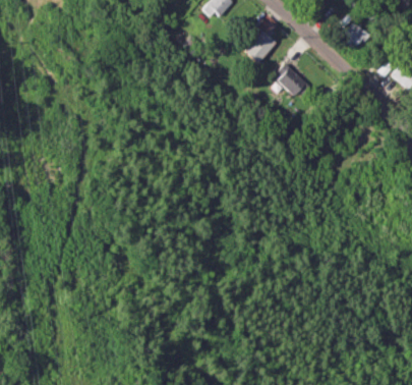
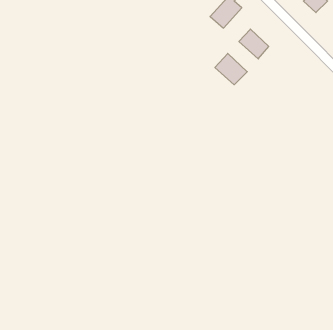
building: none -> [215,53,247,85]

